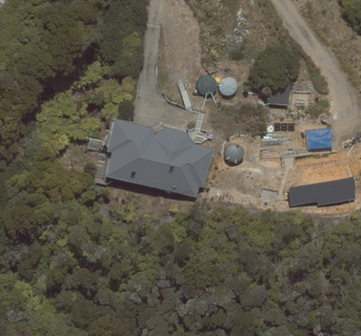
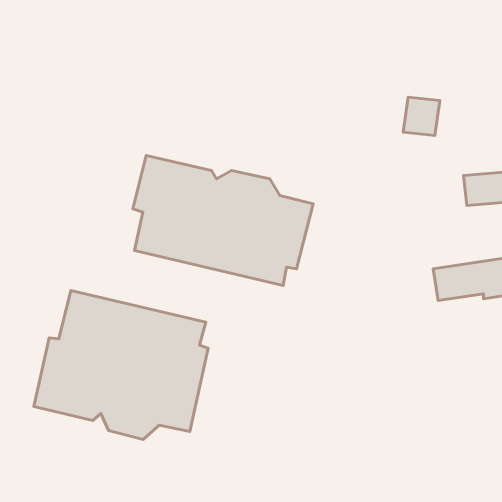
building: none -> [34,290,208,439]

